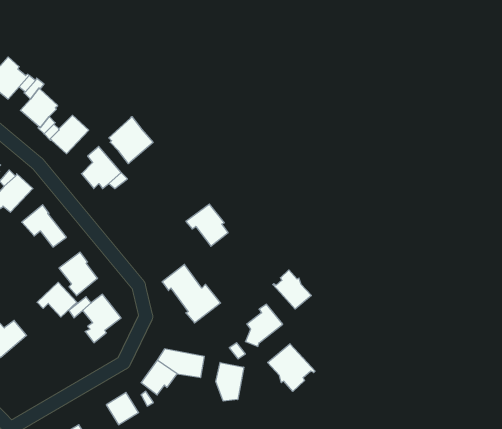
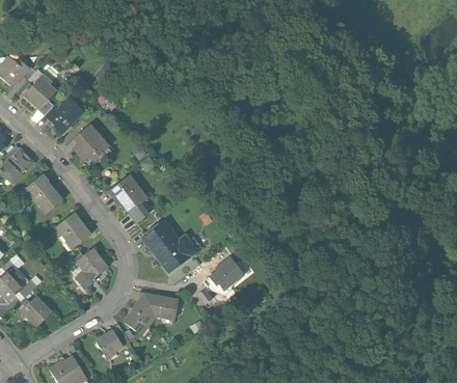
building: [109,117,153,164] -> none
building: [186,204,228,246] -> [108,175,143,211]
building: [273,270,311,309] -> none
building: [37,282,77,317] -> [18,297,51,326]
building: [268,344,315,391] -> none
building: [216,362,244,401] -> none

